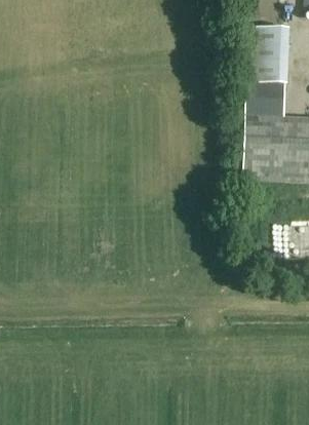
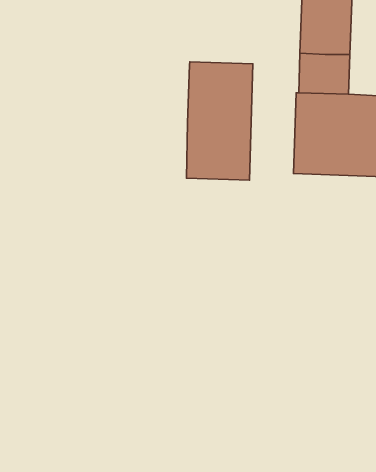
building: none -> [187,62,253,180]

